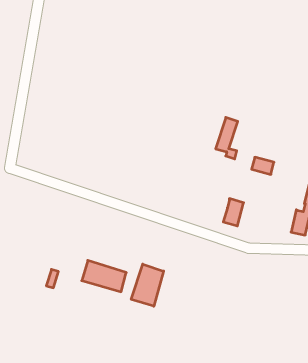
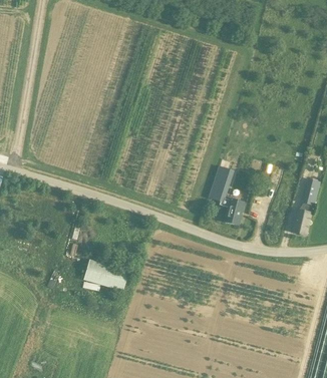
building: [216,117,238,159] -> [208,165,230,207]
building: [131,264,164,306] -> none

